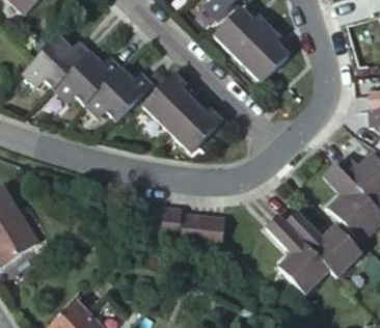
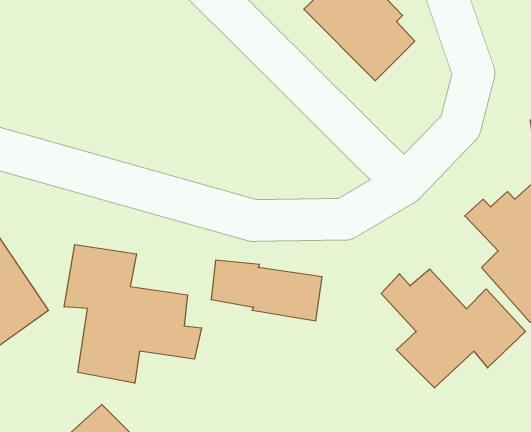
building: [21,34,148,119] -> none
building: [139,72,220,151] -> none
building: none -> [64,245,201,383]

